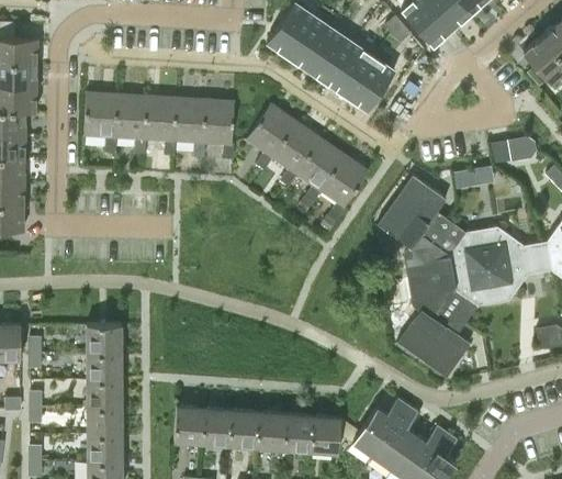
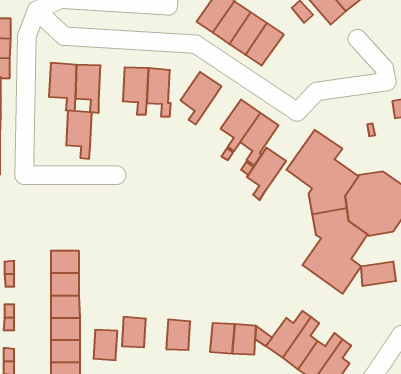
building: [347,58,394,111] -> none
building: [146,97,178,156] -> [66,111,92,159]
building: [273,122,322,187] -> [247,148,286,200]
building: none -> [361,261,396,286]
building: [202,409,232,446] -> [93,330,117,360]
building: [257,412,286,449] -> none

